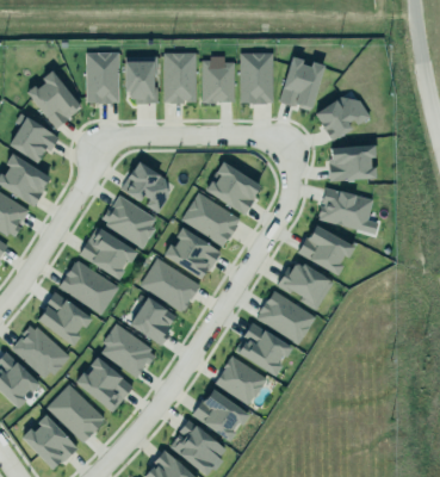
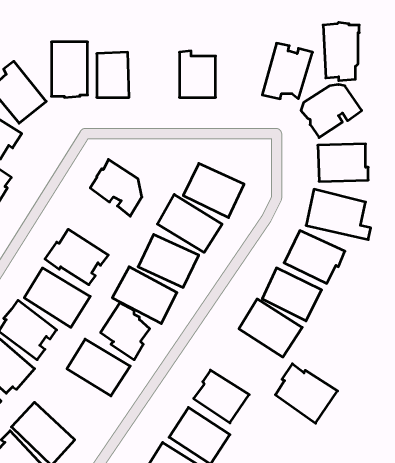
building: [240,49,273,103] -> [323,22,359,81]
building: [163,52,198,104] -> none
building: [101,193,156,248] -> none
building: [237,320,295,374] -> [275,364,338,423]
building: [76,357,135,411] -> none

